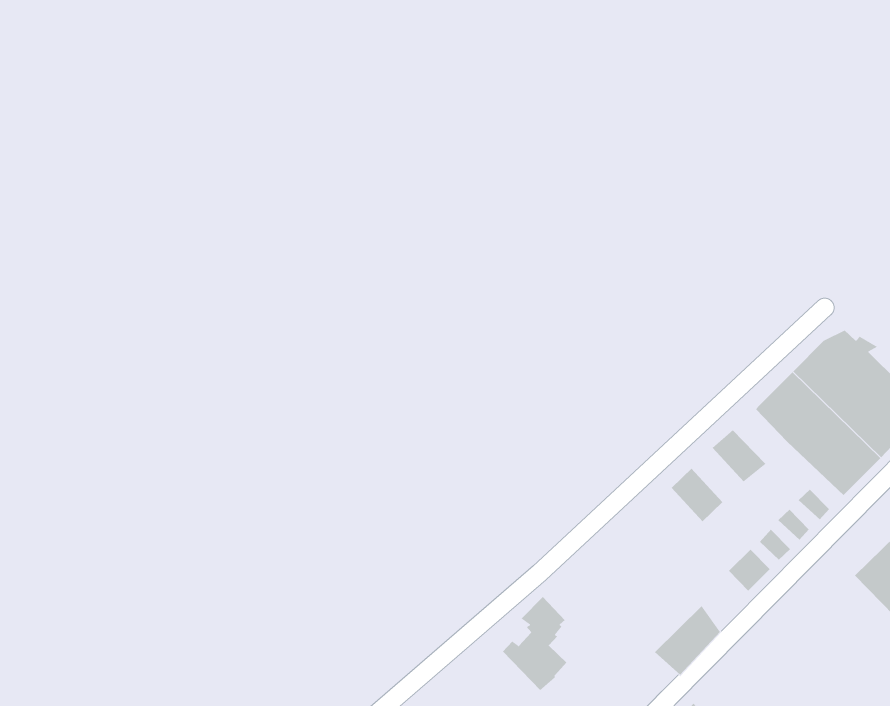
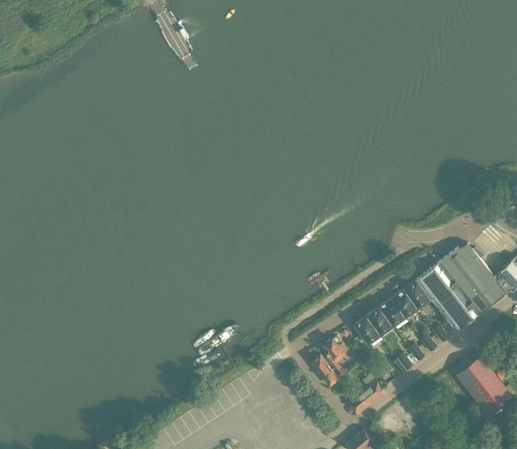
building: none -> [404,282,431,311]
building: none -> [380,299,406,328]
building: none -> [354,317,382,346]
building: [502,596,567,691] -> [313,337,348,386]

